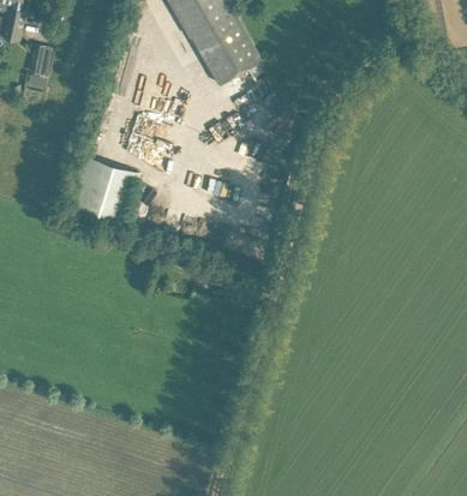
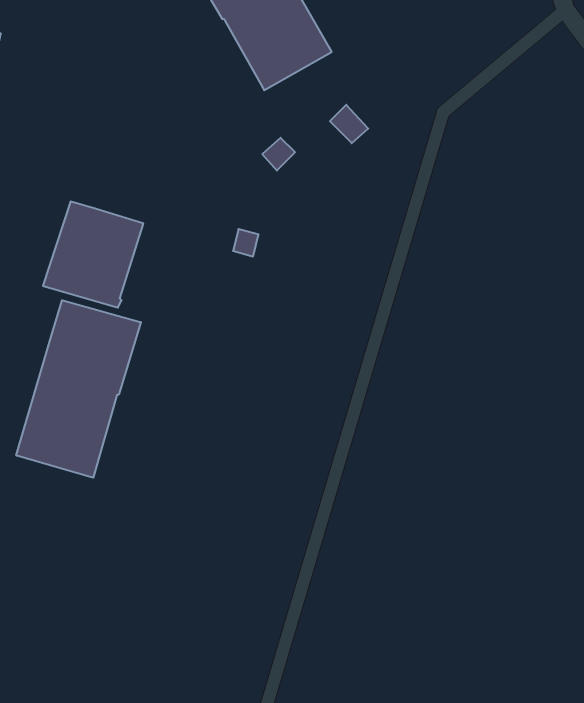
building: none -> [16,300,141,478]

